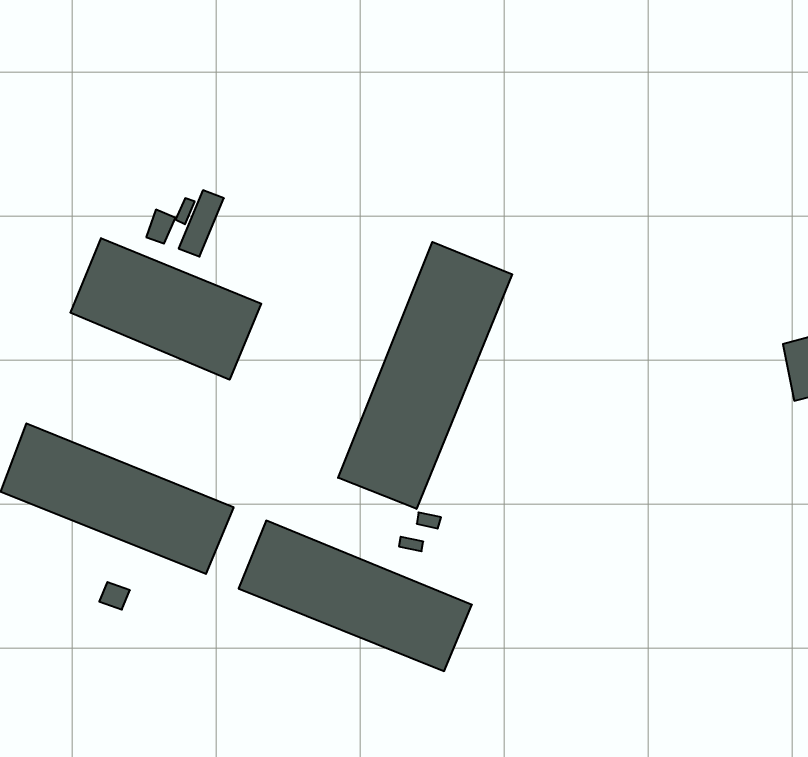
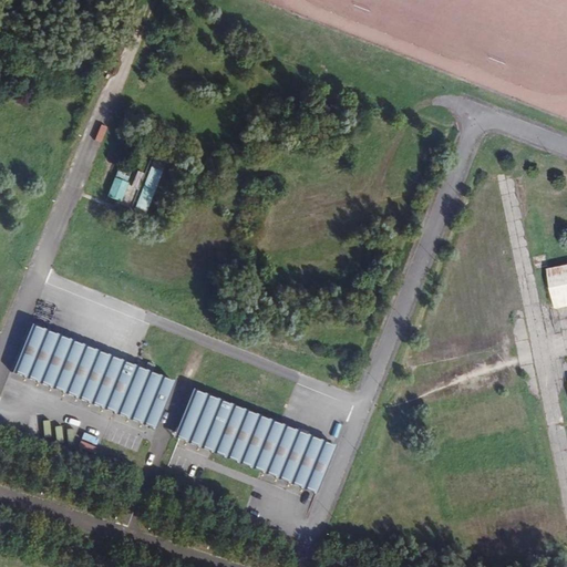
building: [70,238,261,380] -> none
building: [338,242,512,509] -> none

